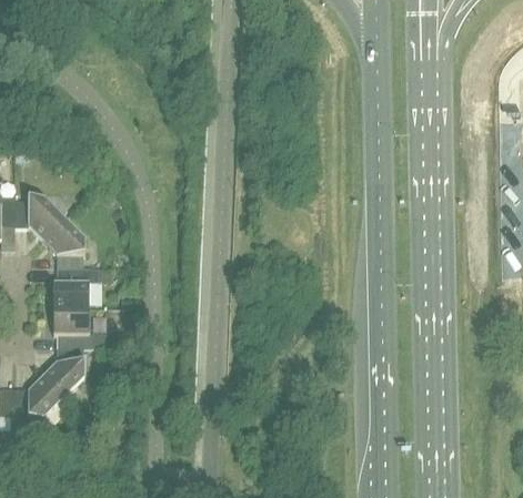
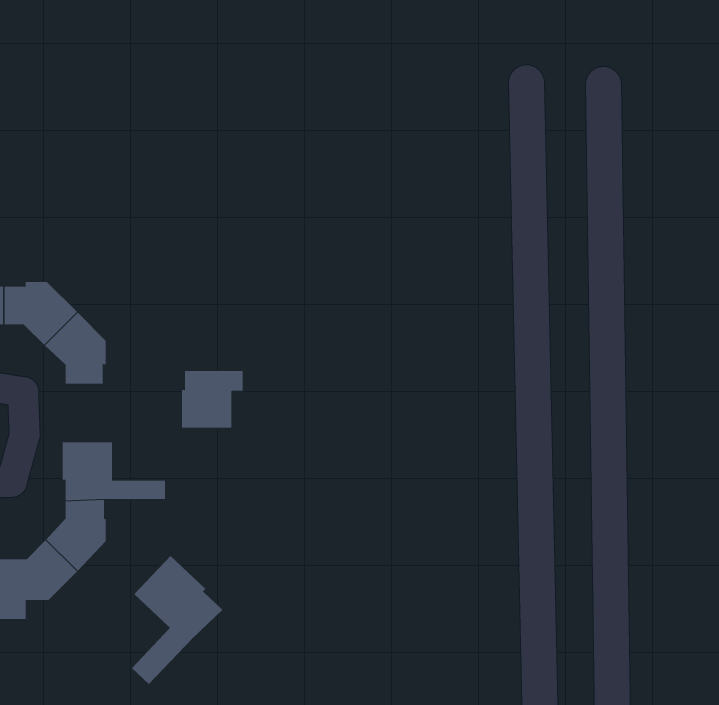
building: [53,267,97,307] -> [181,370,244,428]
building: none -> [131,555,223,685]

